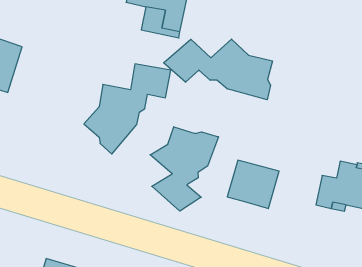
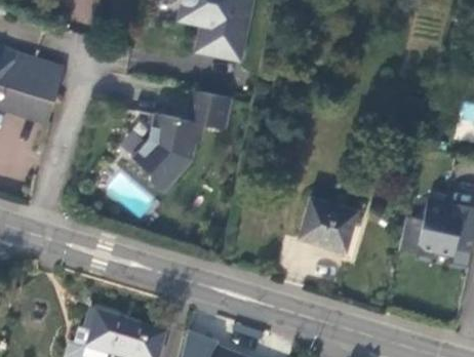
building: [164,39,272,100] -> none
building: [150,127,218,211] -> none

